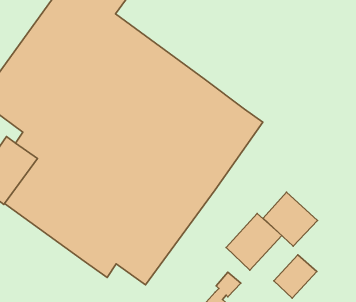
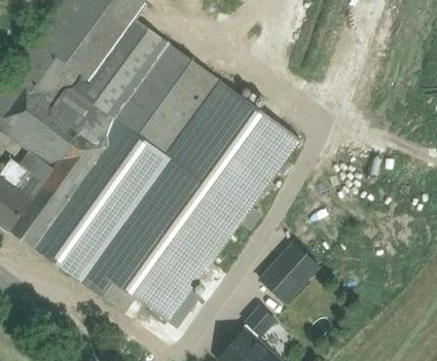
building: [263,192,317,246] -> none
building: [274,255,317,298] -> none

